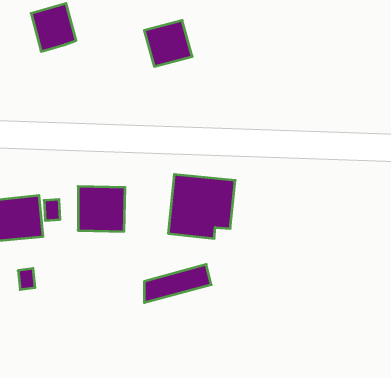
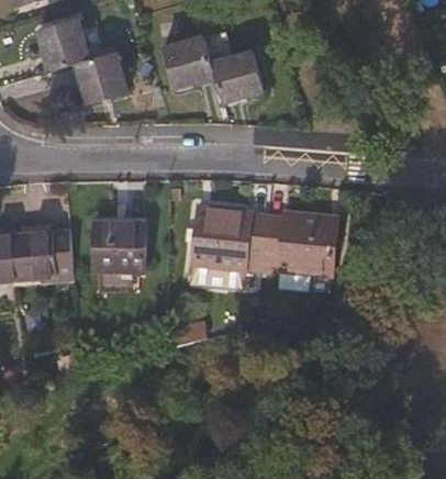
building: none -> [205,33,265,104]
building: none -> [77,54,127,107]
building: none -> [257,211,333,291]

